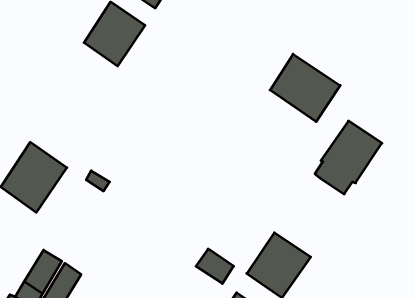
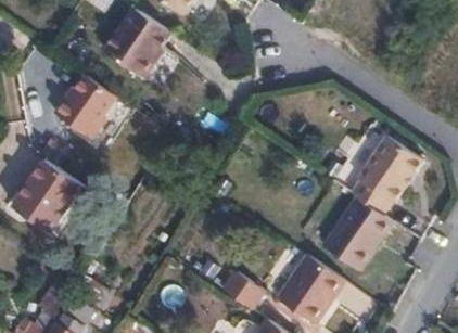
building: [270,54,340,122] -> none
building: none -> [54,76,116,141]
building: none -> [321,196,391,270]

